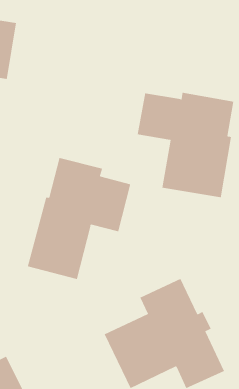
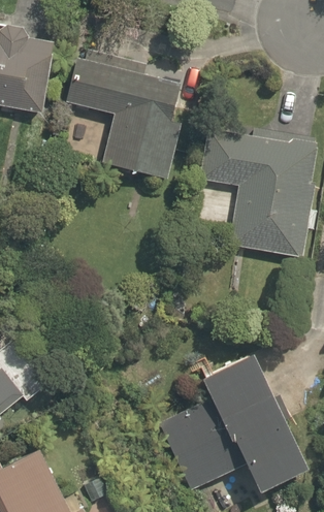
building: none -> [65,51,182,180]
building: [27,157,131,280] -> none

